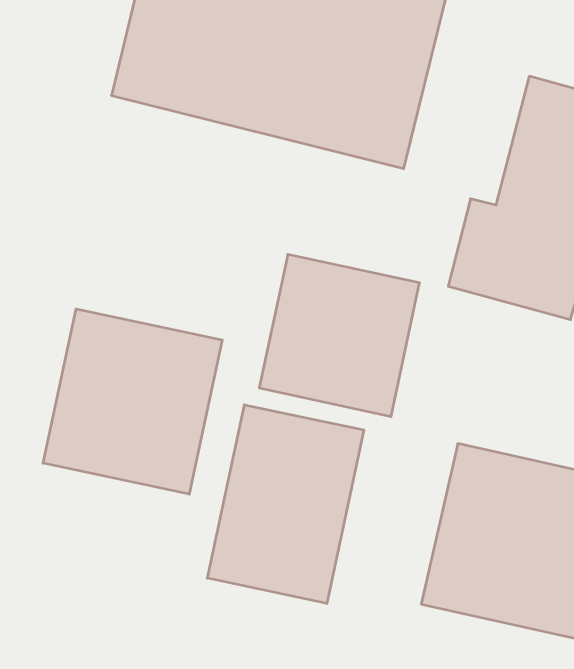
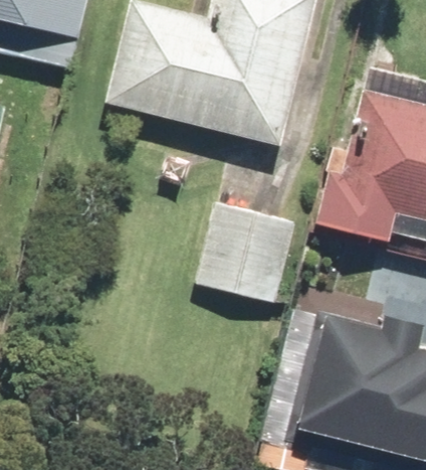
building: [43,309,222,494] -> none
building: [207,405,364,604] -> none

